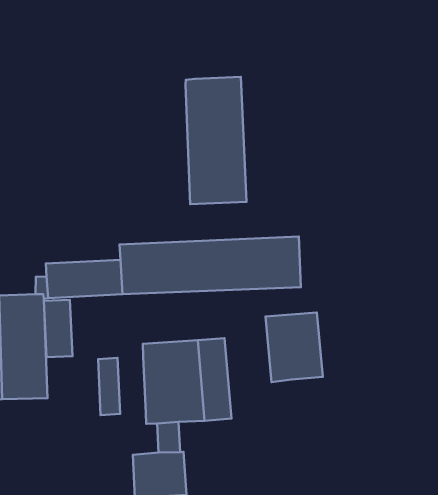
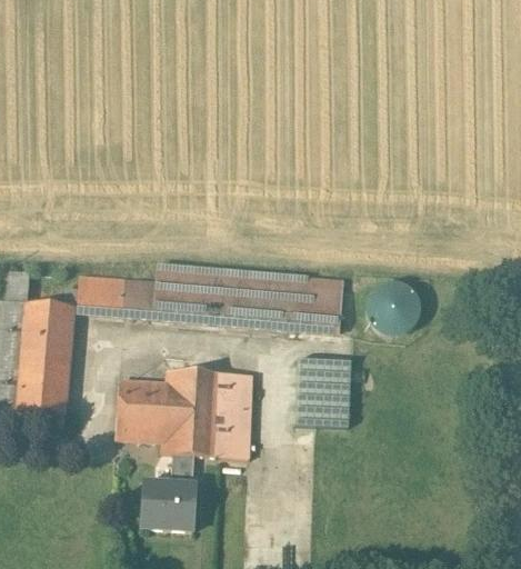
building: [186,77,246,204] -> none
building: none -> [367,283,420,336]
building: [44,300,72,357] -> [137,381,168,441]

